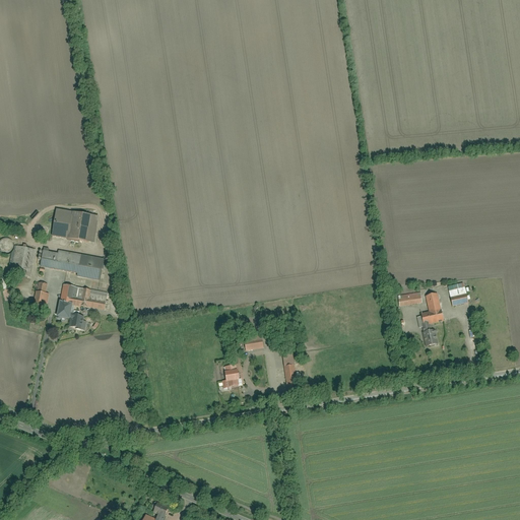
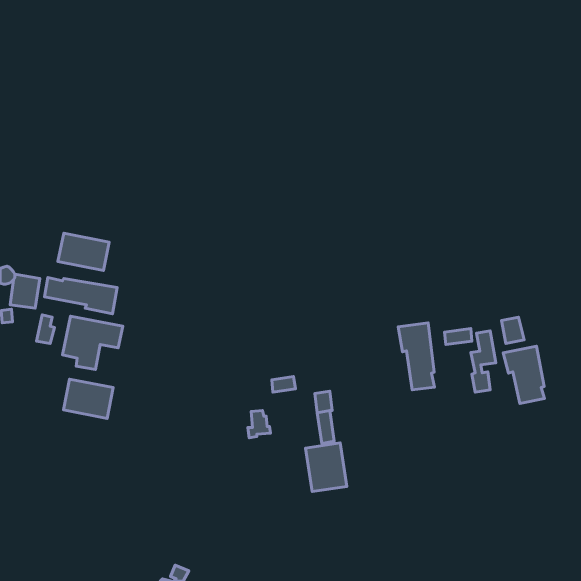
building: none -> [398,323,434,390]
building: none -> [503,346,545,404]
building: none -> [63,379,113,419]
building: none -> [306,443,347,492]

